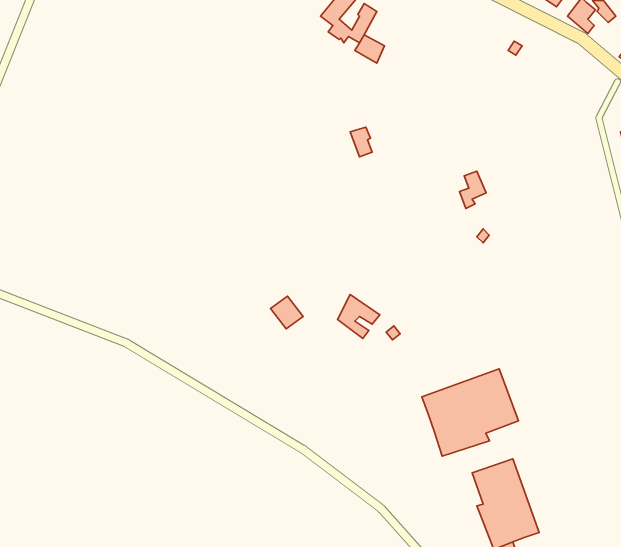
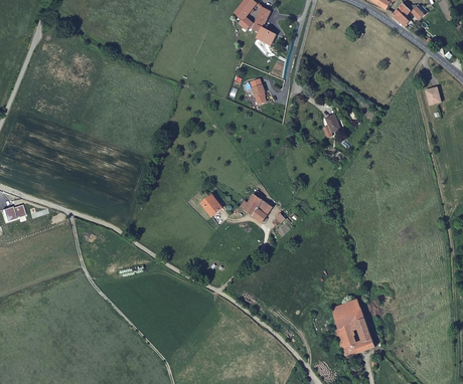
building: [422,369,519,456] -> none

